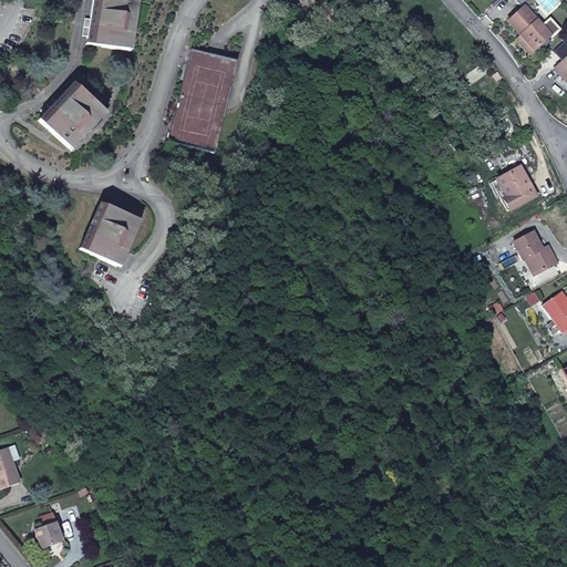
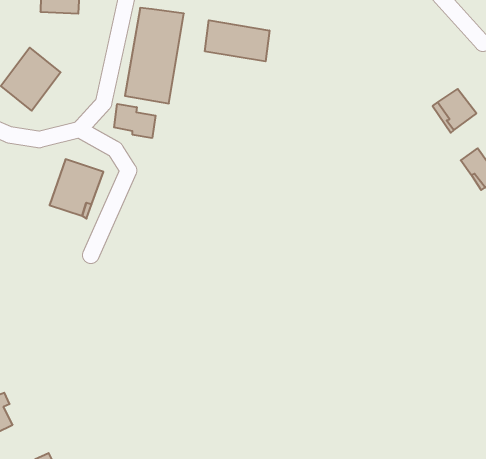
building: none -> [205,20,269,61]
building: none -> [114,104,156,138]

